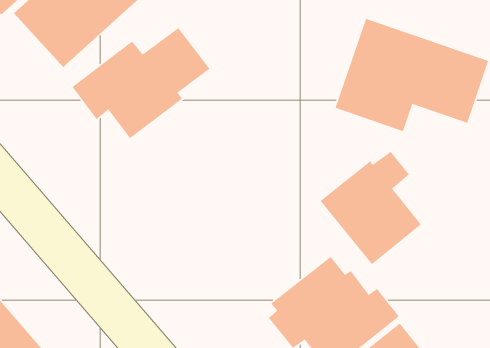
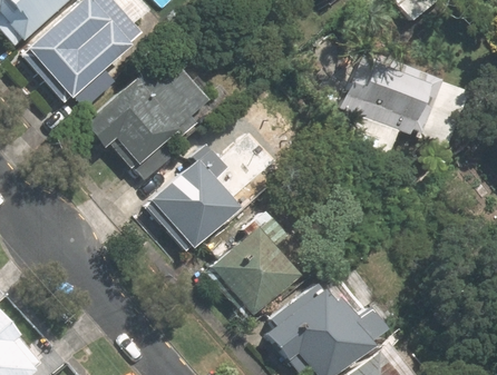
building: none -> [149,142,245,257]
building: [319,151,422,265] -> [202,208,298,315]

